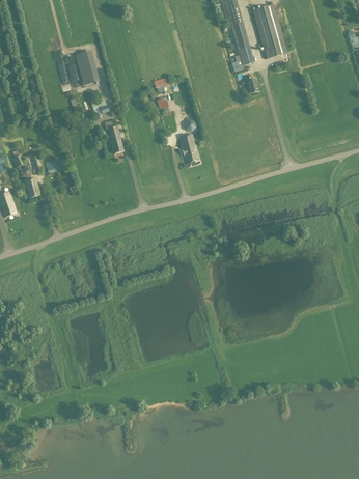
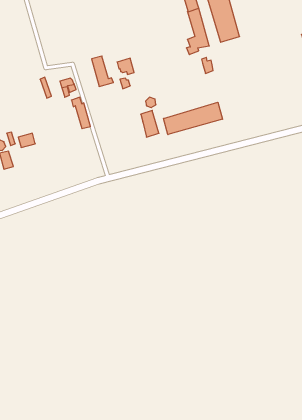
building: [74,51,98,84] -> [92,56,113,86]
building: none -> [164,102,223,135]

